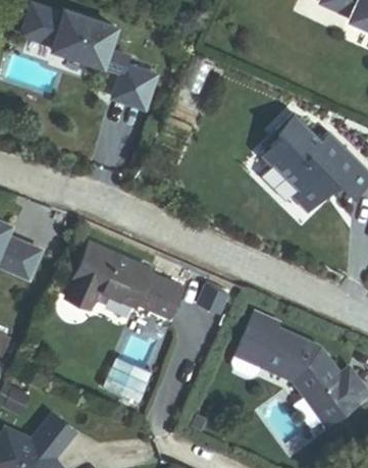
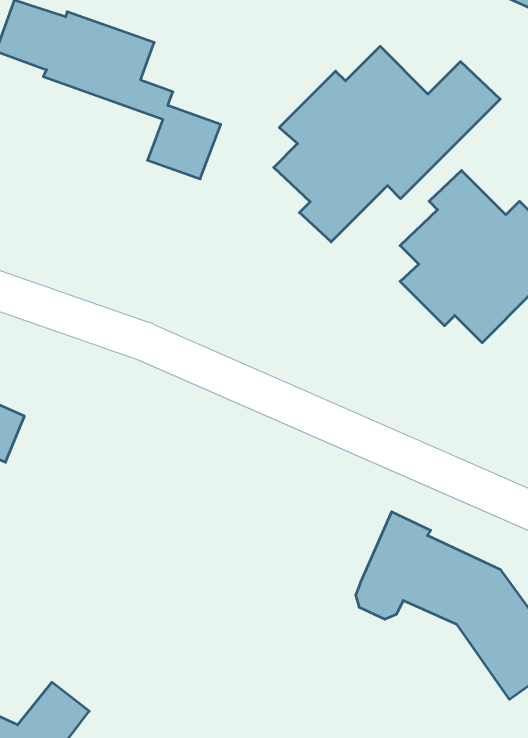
building: none -> [274,46,500,242]
building: [66,242,182,317] -> none

